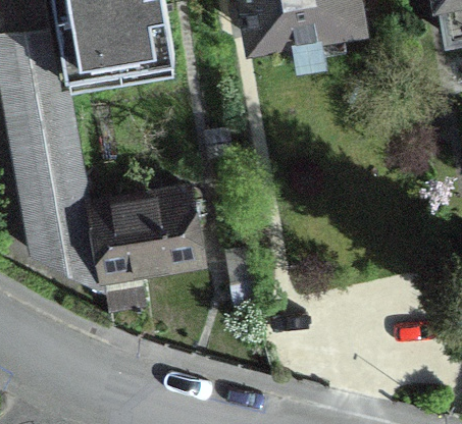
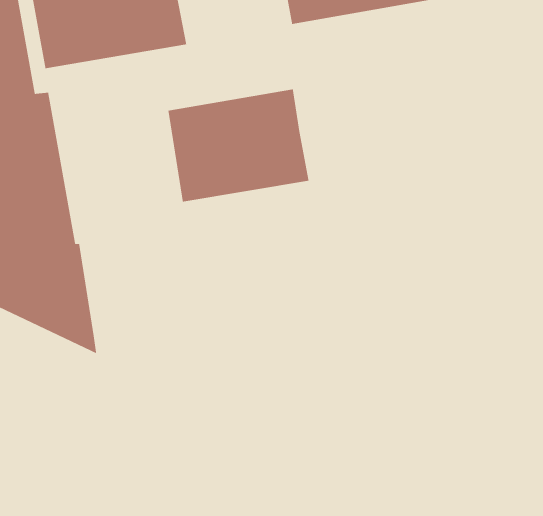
building: [92,193,200,279] -> [167,89,310,203]

